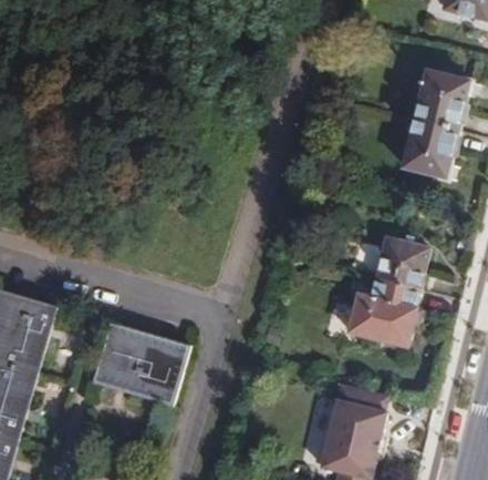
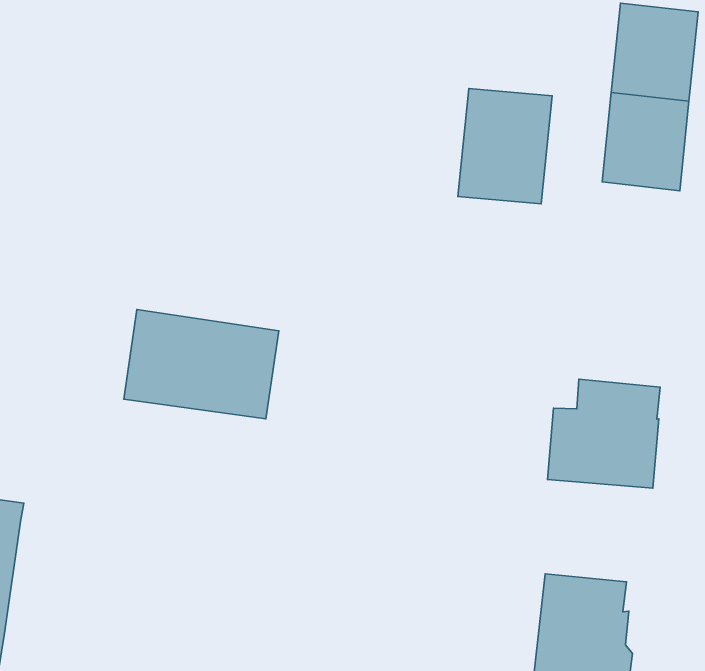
building: none -> [458,88,552,204]
building: [374,236,428,289] -> none
building: [94,327,187,399] -> [124,309,279,419]

